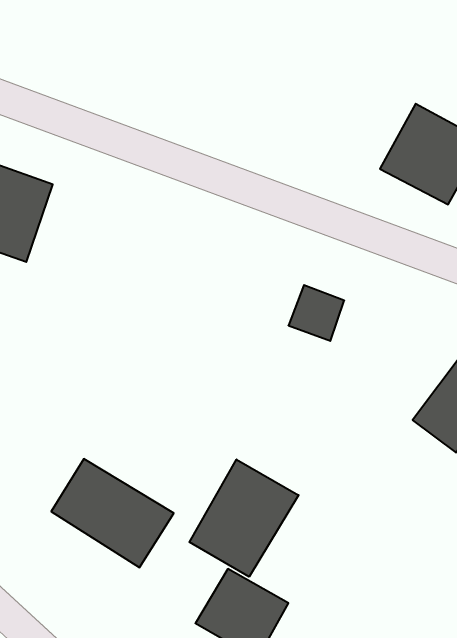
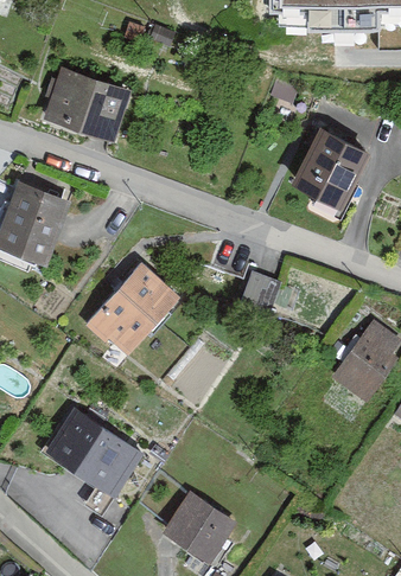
building: none -> [37,65,126,141]
building: none -> [82,262,173,354]
building: [189,459,299,577] -> none

